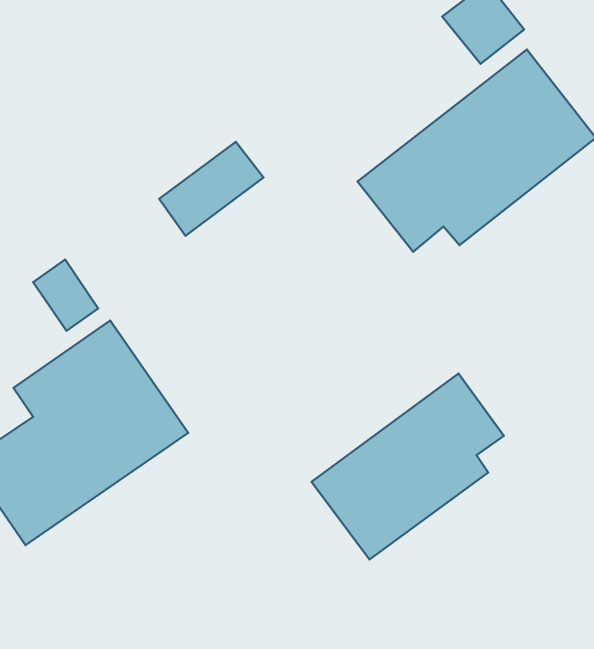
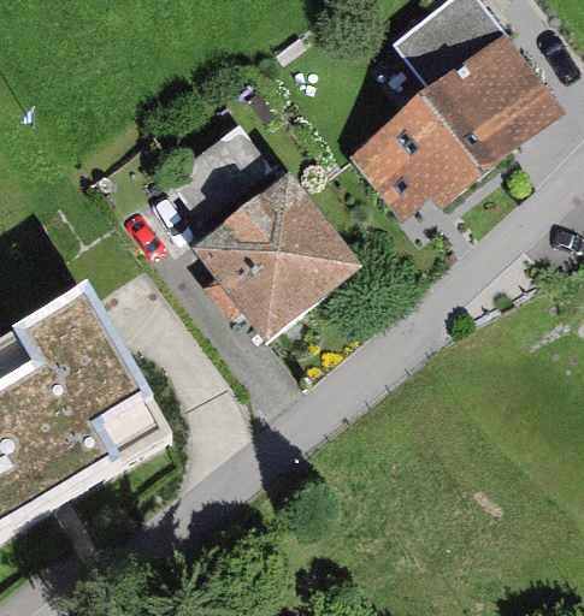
building: none -> [172,184,347,356]
building: [312,374,504,560] -> none

